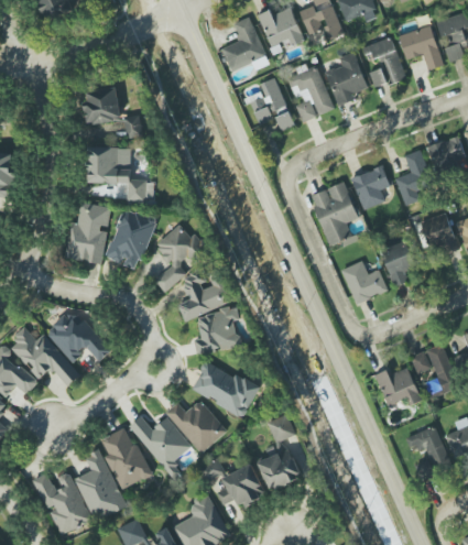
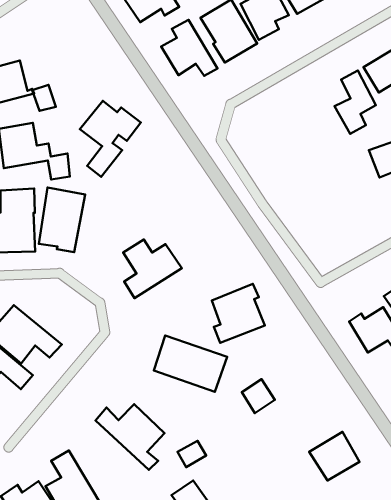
building: [351,165,390,209] -> none
building: [308,182,358,244] -> none
building: [153,224,209,292] -> [80,101,141,177]
building: [380,240,415,286] -> none
building: [340,260,388,304] -> none
building: [194,306,240,355] -> [212,284,265,343]
building: [165,399,226,453] -> none
building: [100,427,152,489] -> none
building: [257,448,301,490] -> [309,432,360,481]
building: [216,462,265,506] -> none

